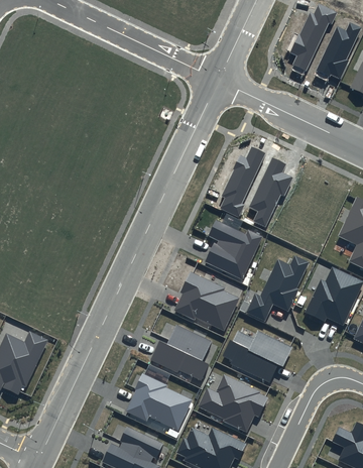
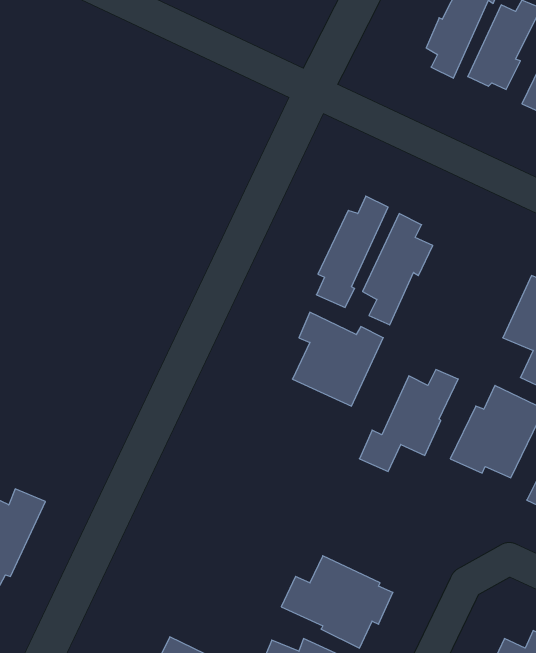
building: [173,271,239,330] -> none
building: [149,325,211,381] -> none
building: [222,331,292,383] -> none
building: [125,373,191,430] -> none

